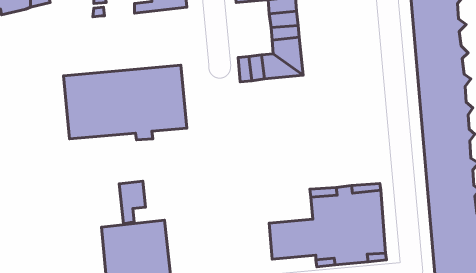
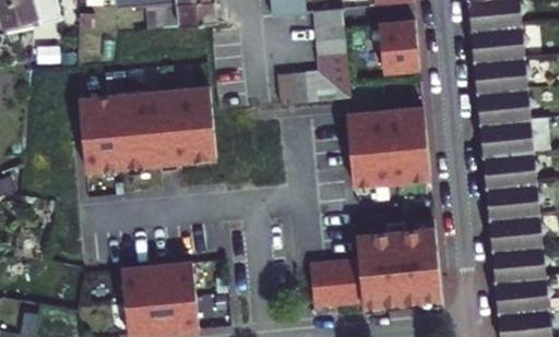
building: none -> [379,21,419,72]
building: none -> [345,107,429,185]
building: [119,181,146,224] -> none

